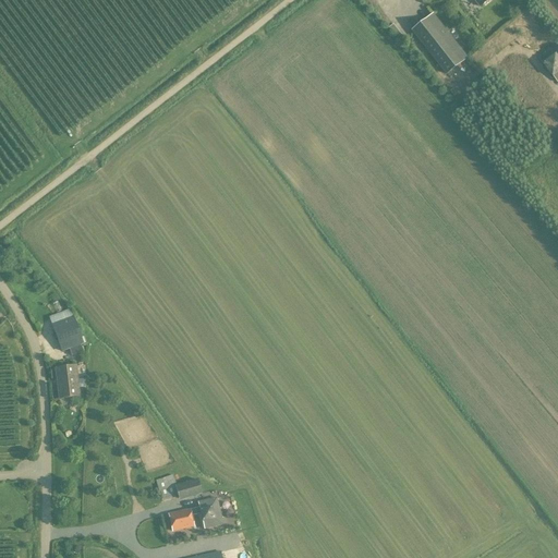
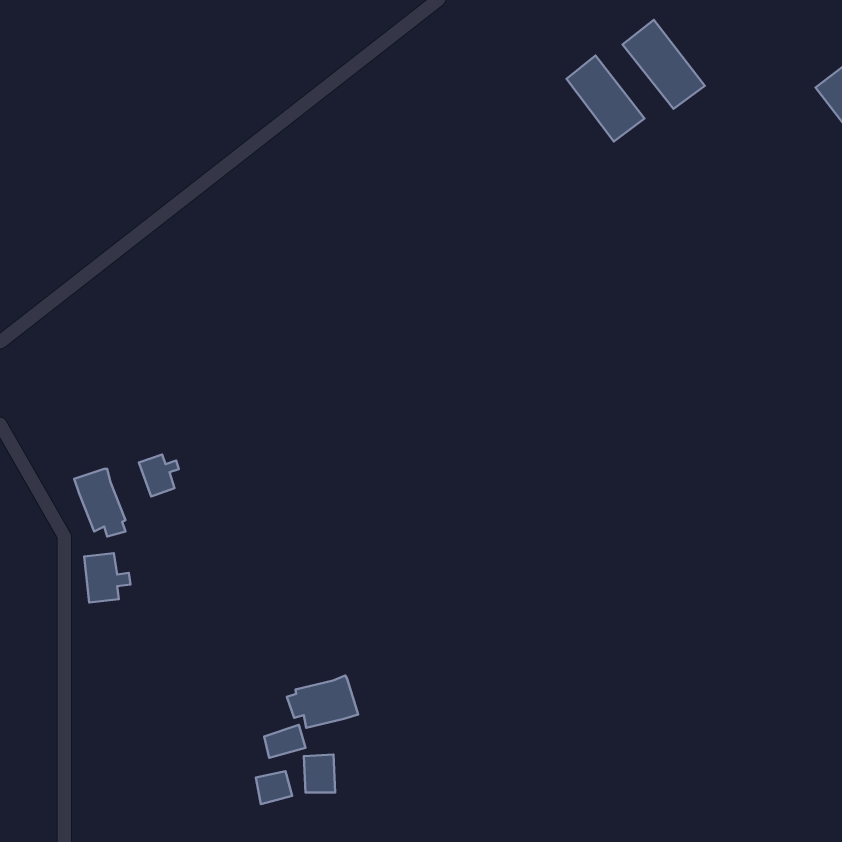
building: none -> [567,55,644,142]
building: none -> [139,454,179,496]
building: none -> [287,675,358,728]

